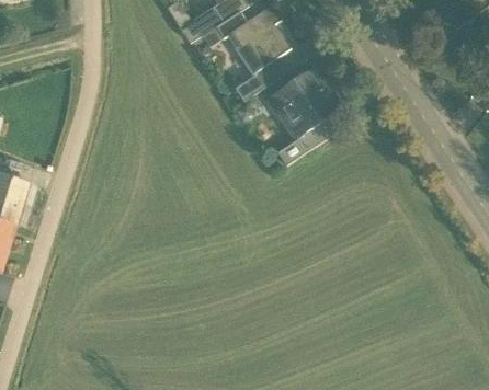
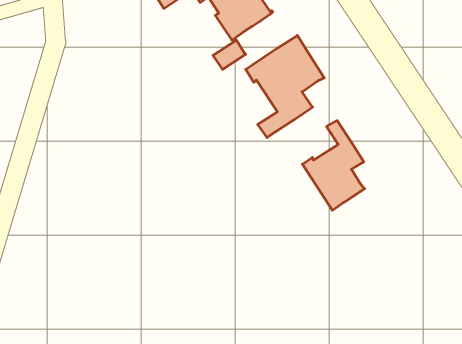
building: none -> [302,121,365,210]

